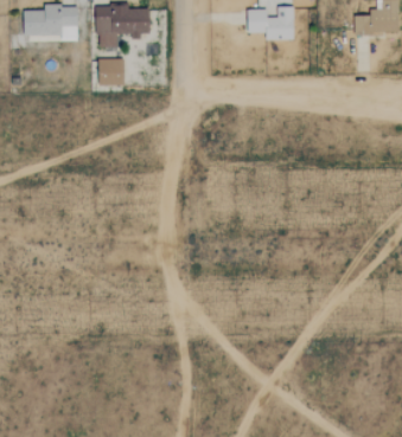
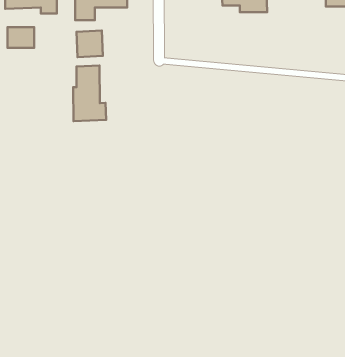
building: none -> [8,27,34,48]
building: none -> [73,66,106,121]

